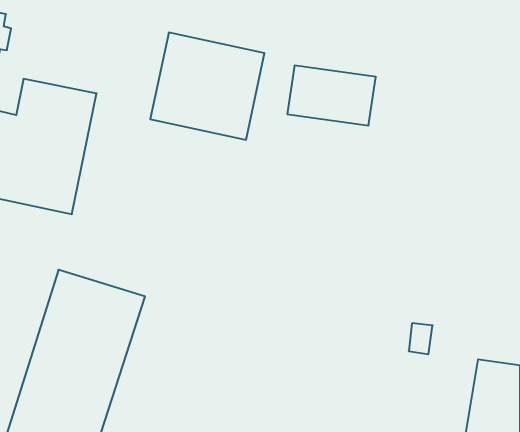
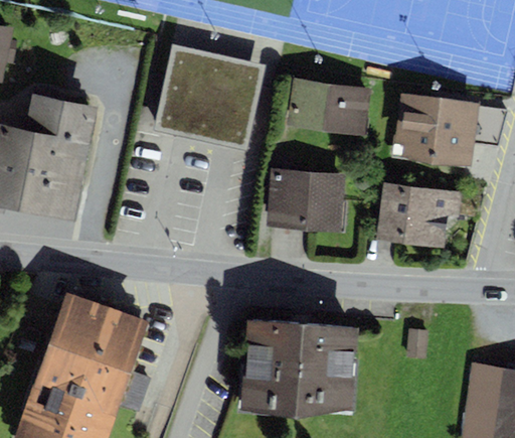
building: none -> [393,94,509,165]
building: none -> [266,168,345,233]
building: none -> [376,183,482,248]
building: none -> [241,319,358,417]

